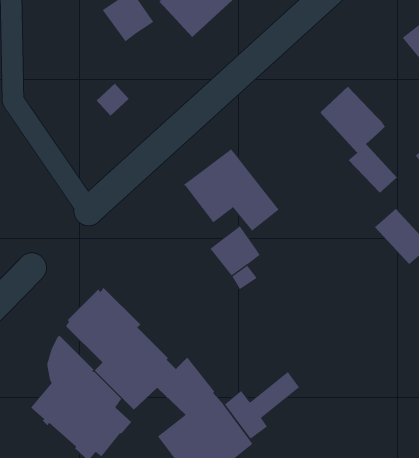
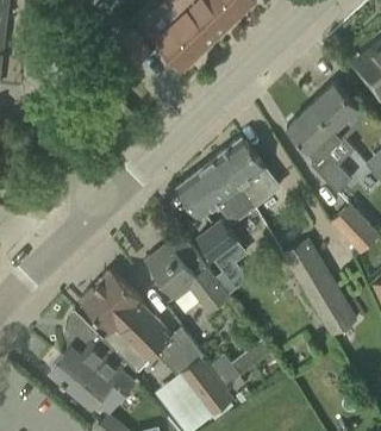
building: none -> [310,82,360,131]
building: none -> [216,137,280,207]
building: none -> [144,232,230,313]
building: none -> [286,239,356,333]

